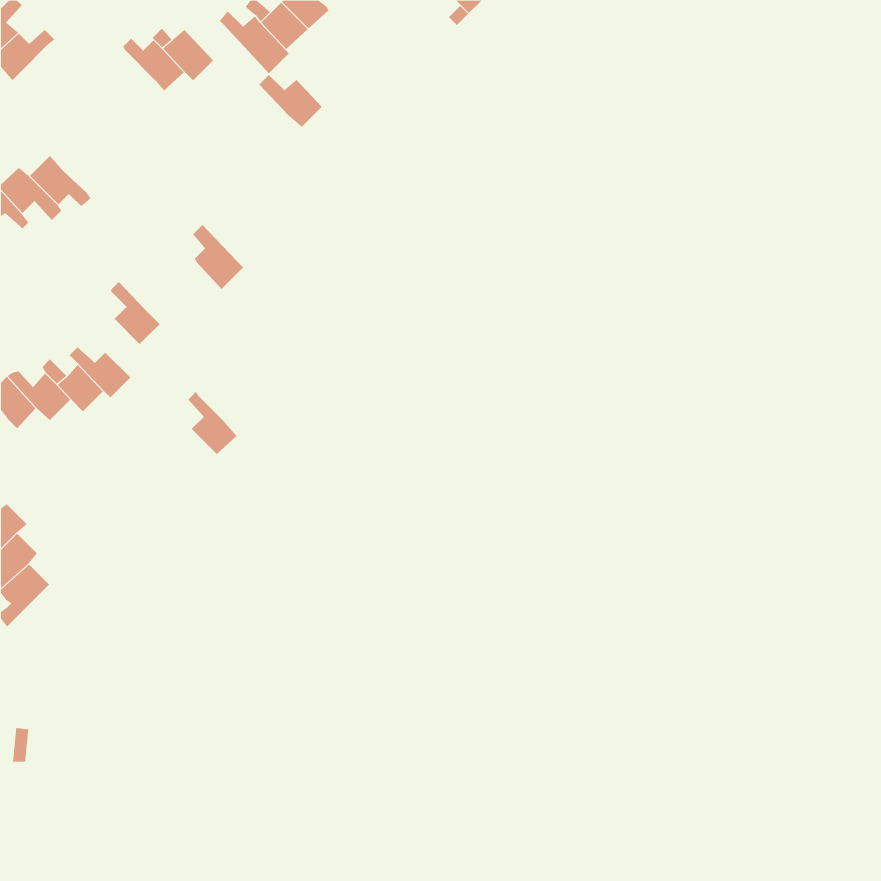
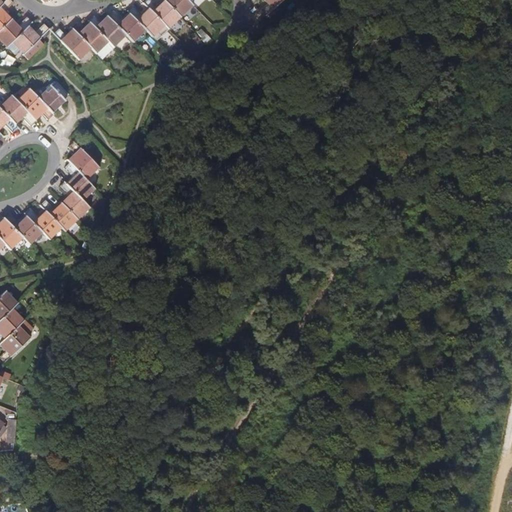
building: none -> [12,24,48,54]
building: none -> [52,28,90,60]
building: [259,74,322,128] -> [107,11,144,42]
building: none -> [37,81,68,112]
building: [192,224,244,290] -> [67,141,97,179]
building: [188,391,238,455] -> [59,182,88,219]

